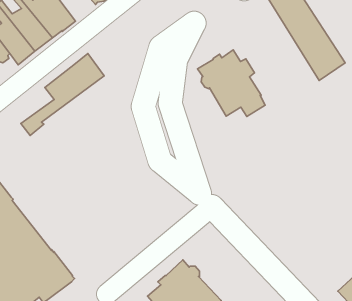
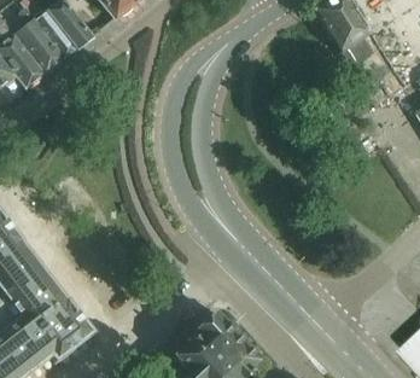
building: [198,50,265,116] -> none
building: [21,54,104,136] -> none

